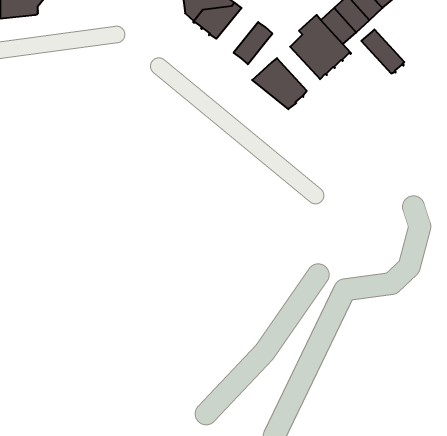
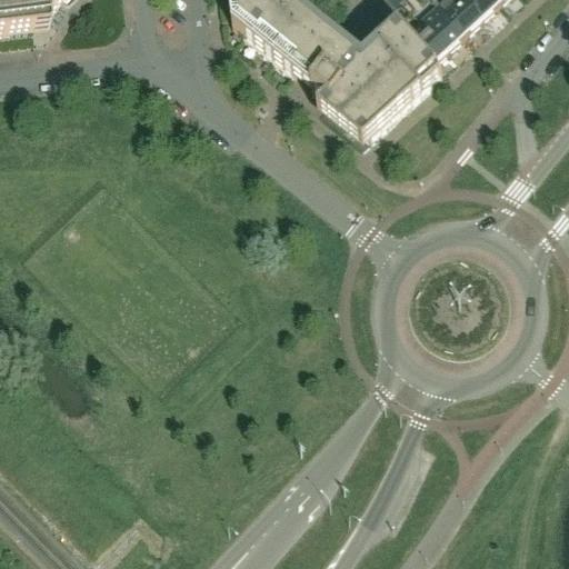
building: none -> [277,10,330,68]
building: [361,29,404,73] -> [353,59,408,114]
building: none -> [317,42,361,93]

